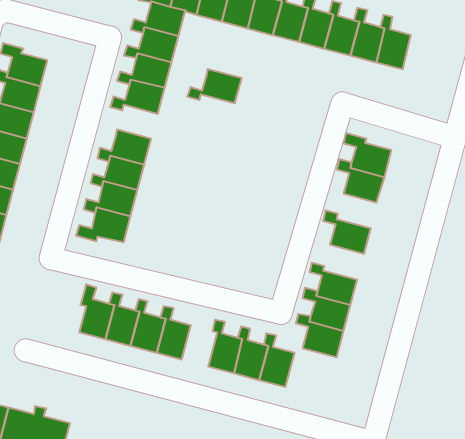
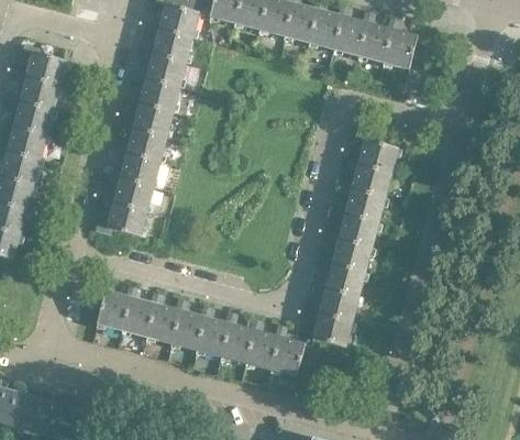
building: [187,69,242,103] -> [120,103,173,136]
building: none -> [339,182,384,223]
building: none -> [325,231,372,273]
building: none -> [196,305,230,356]

